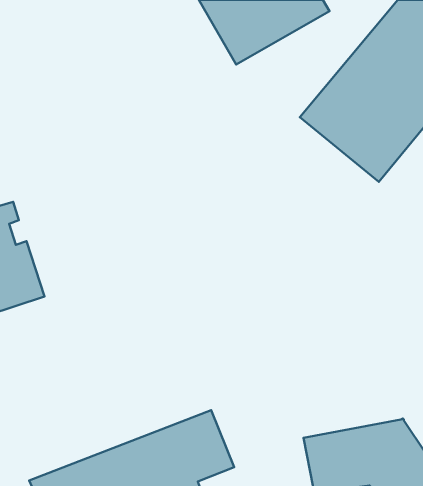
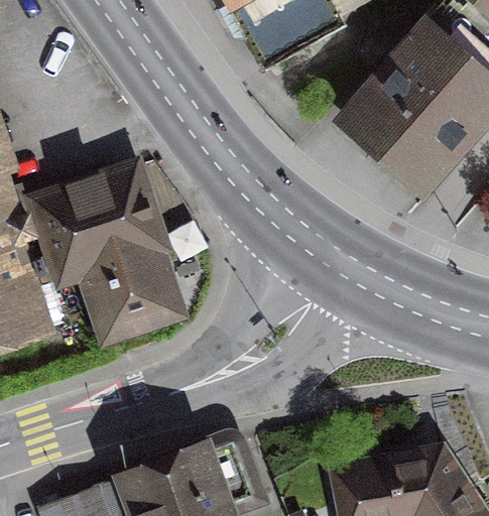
building: none -> [38,167,180,336]

